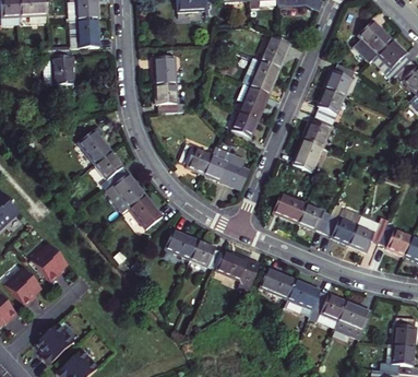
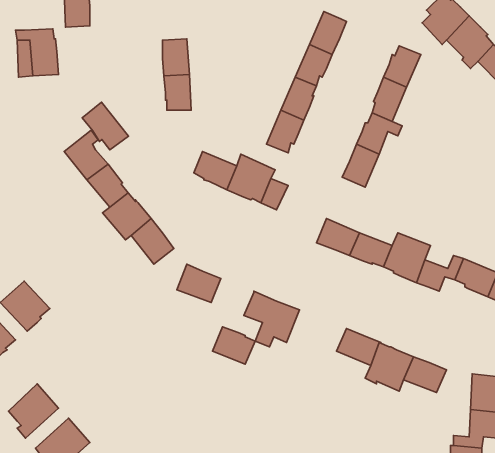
building: none -> [82,102,128,150]
building: [191,240,224,269] -> [212,327,255,364]
building: [261,269,295,296] -> none

